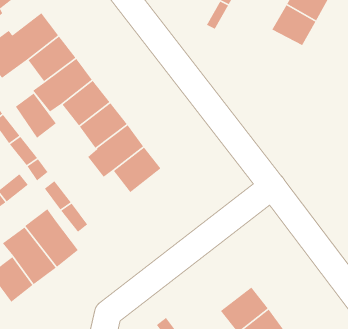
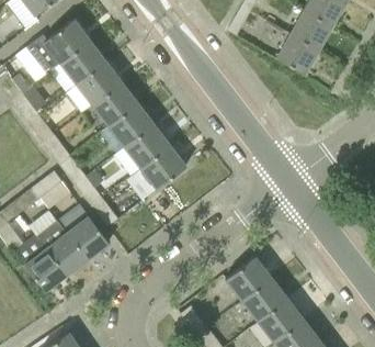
building: none -> [276,35,319,75]
building: [15,93,57,139] -> none
building: none -> [225,256,271,300]

